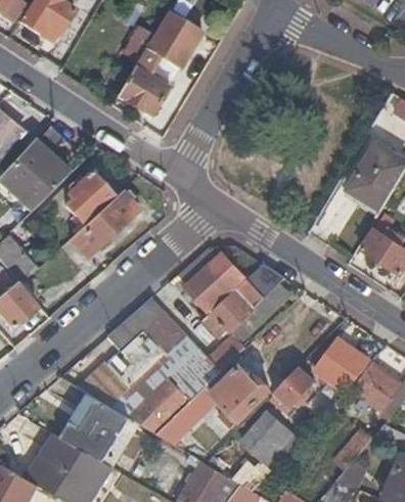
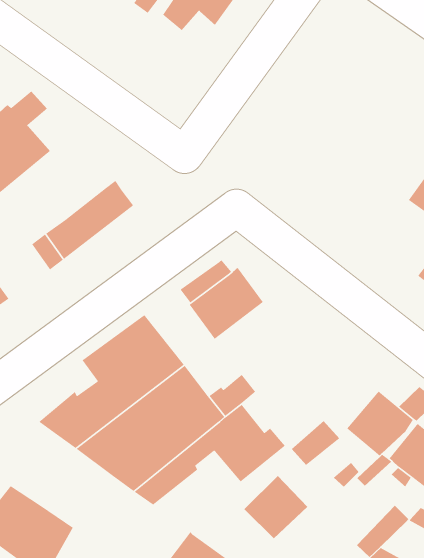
building: [117,69,167,118] -> none
building: [62,174,112,228] -> none
building: [201,264,284,338] -> none
building: [58,394,136,467] -> none

